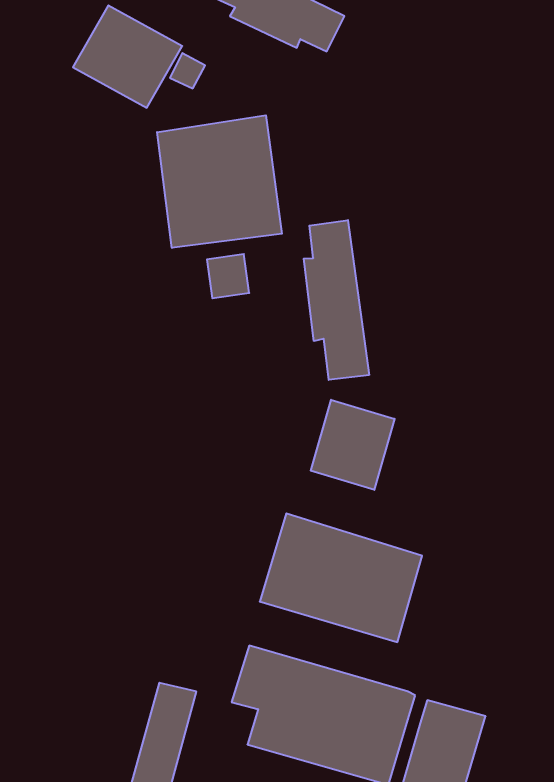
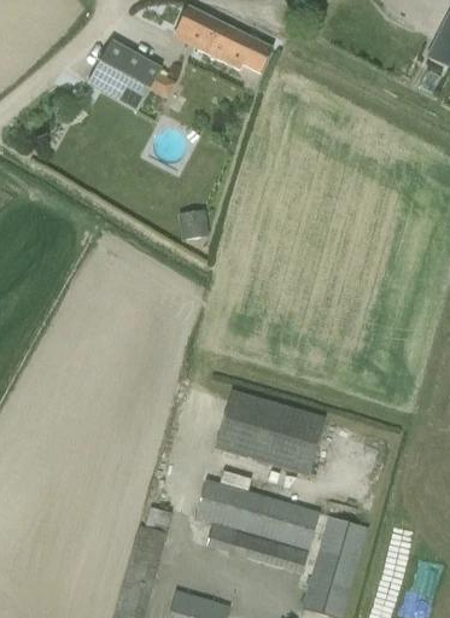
building: [157,115,282,248] -> none
building: [304,220,369,380] -> none
building: [311,400,395,490] -> none

